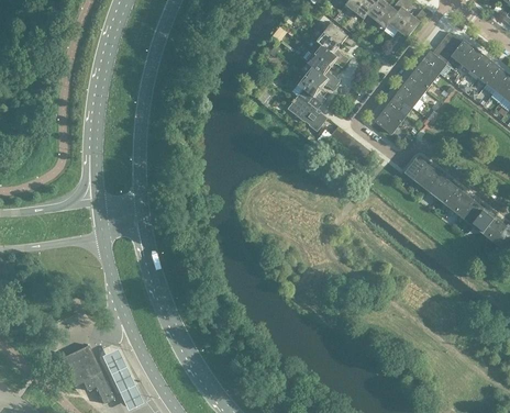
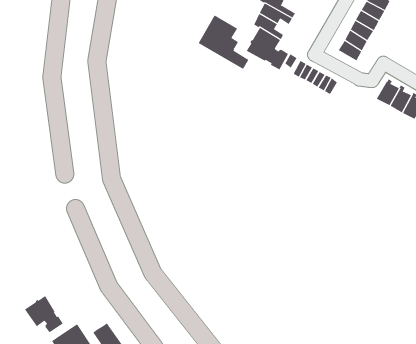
building: none -> [198,15,249,70]
building: none -> [24,295,64,333]

